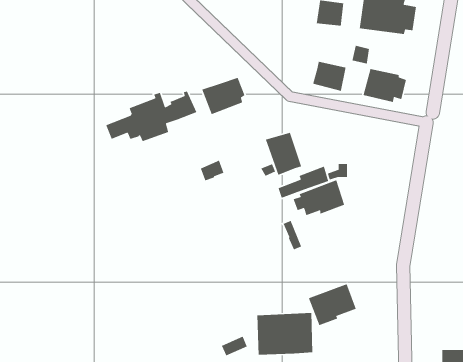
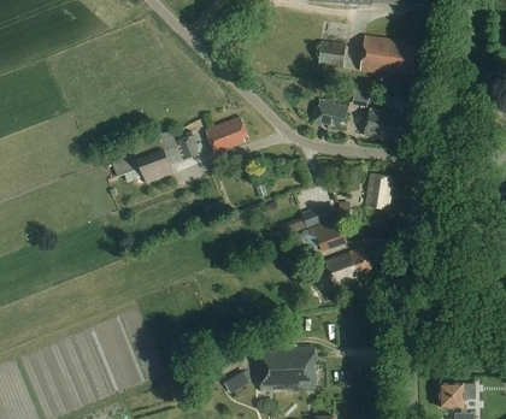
building: [265,132,302,176] -> none
building: none -> [367,173,392,208]
building: [308,283,357,326] -> [325,246,373,288]

